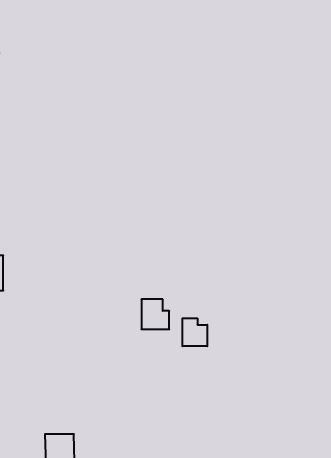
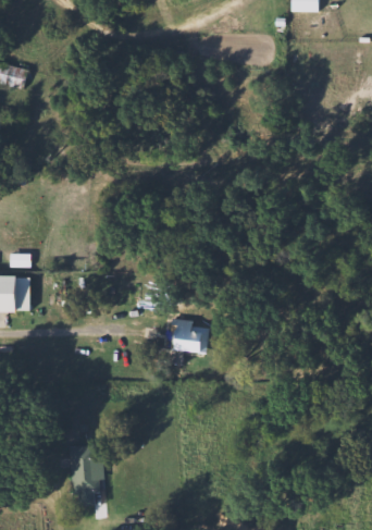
building: [182,318,207,346] -> none

